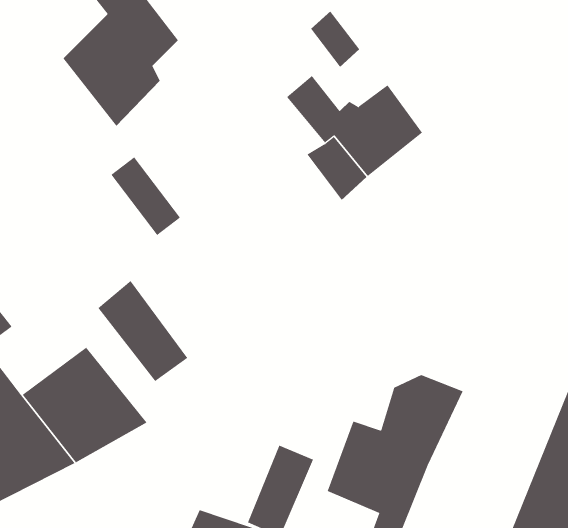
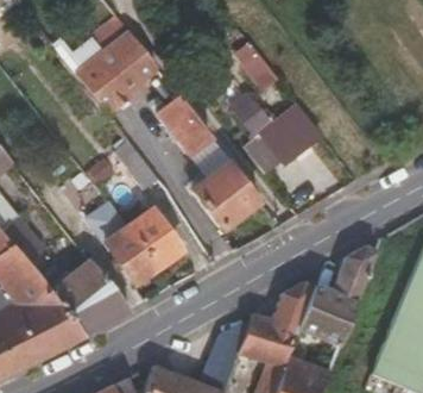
building: none -> [157,74,212,155]
building: none -> [200,163,260,231]
building: none -> [124,205,182,269]
building: none -> [315,248,381,350]

